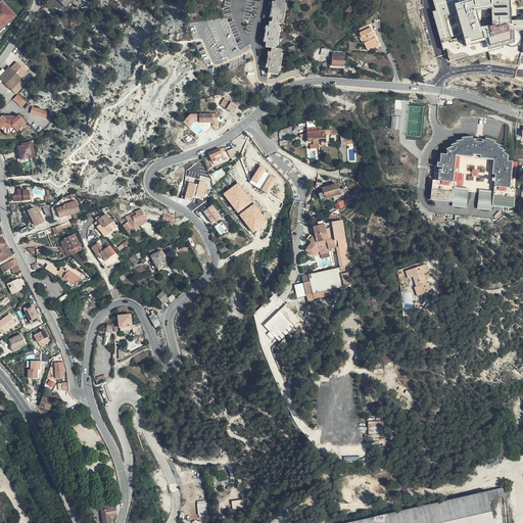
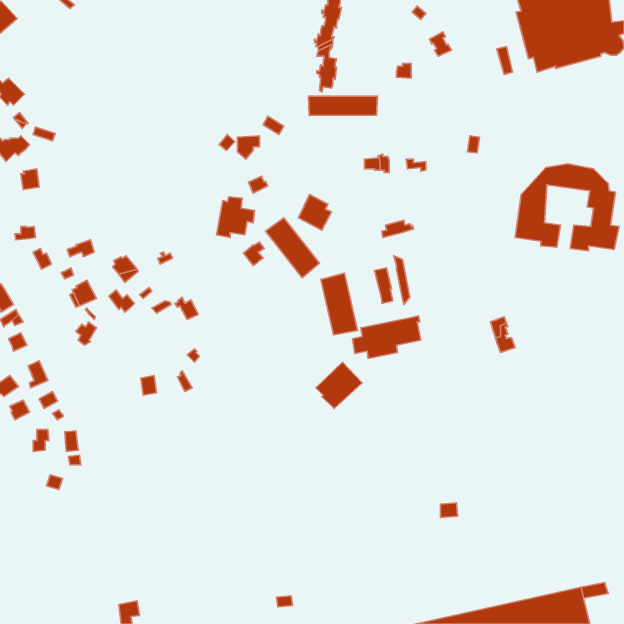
building: none -> [308,96,378,115]
building: none -> [321,273,357,335]

